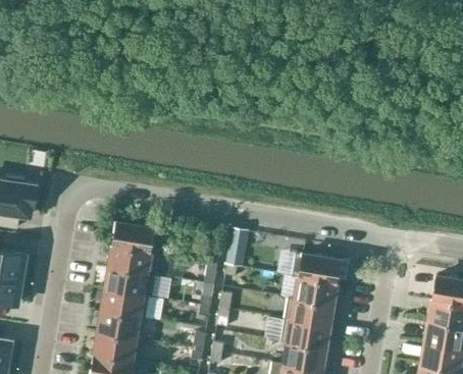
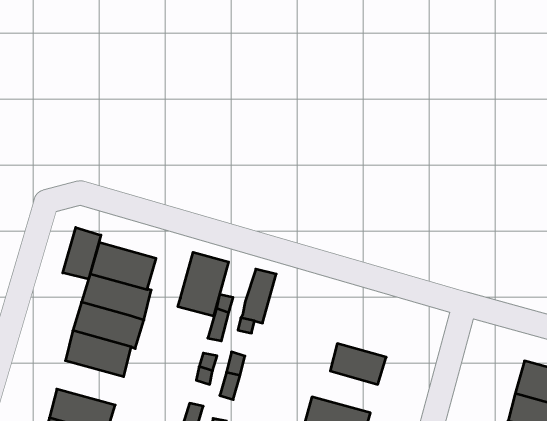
building: none -> [63,227,101,279]
building: none -> [178,252,229,316]
building: [292,252,340,283] -> none
building: [285,297,331,325] -> none
building: [98,311,146,339] -> none

